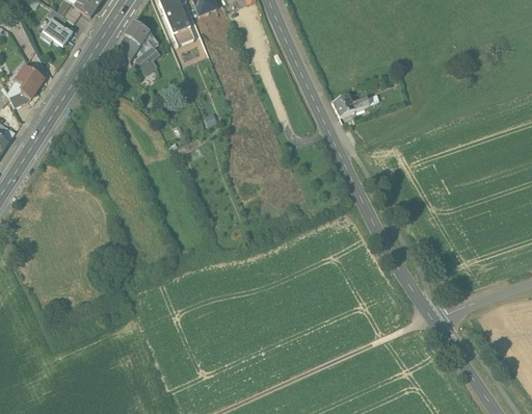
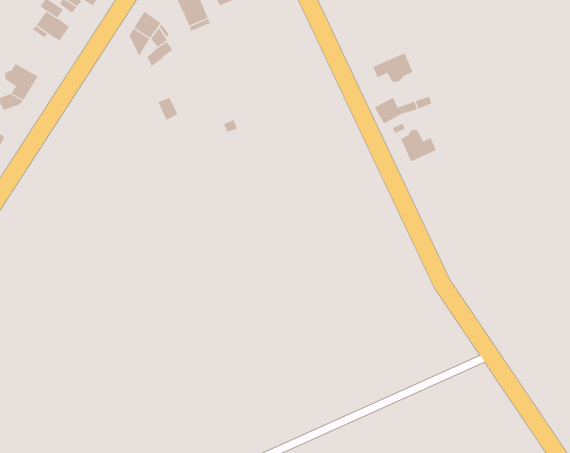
building: none -> [373,53,413,83]
building: none -> [401,129,436,162]

